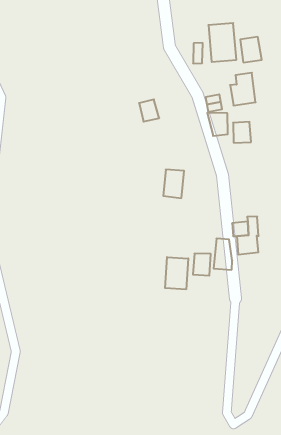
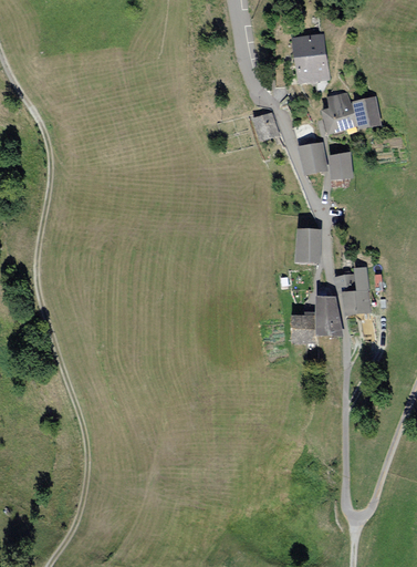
building: [240,37,262,62] -> [353,97,380,130]
building: [139,99,159,122] -> [253,112,279,140]
building: [163,170,184,198] -> [295,230,319,264]
building: [165,257,188,289] -> none

